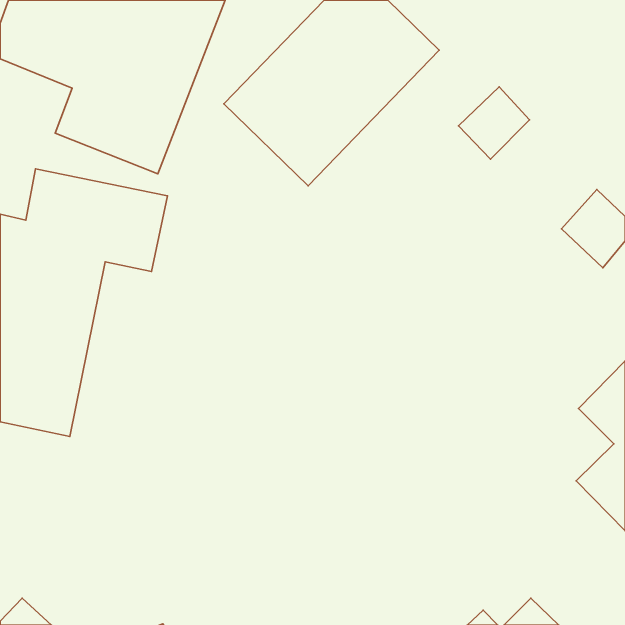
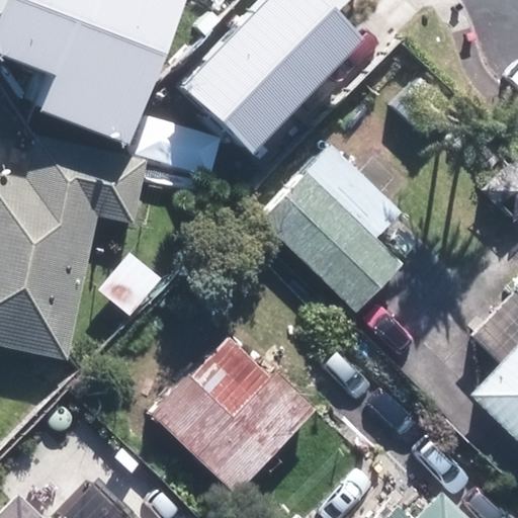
building: none -> [256,144,399,312]
building: none -> [152,339,320,497]

